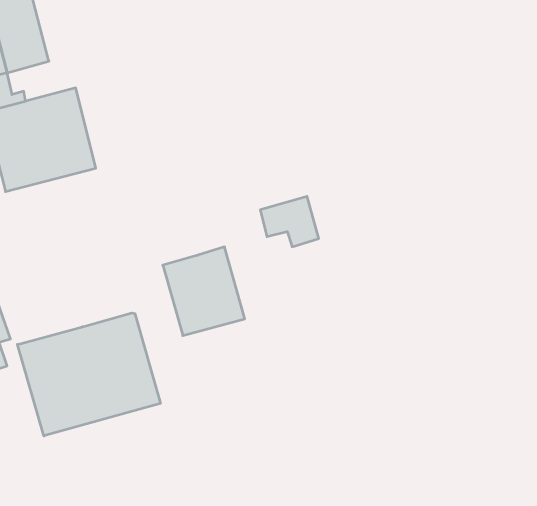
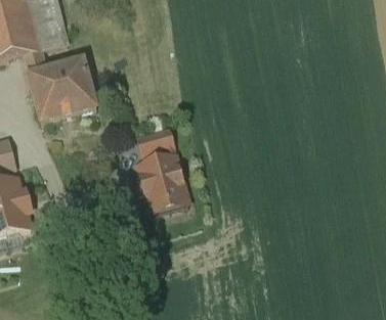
building: [260,196,319,247] -> [138,129,174,159]
building: [17,313,160,436] -> none

